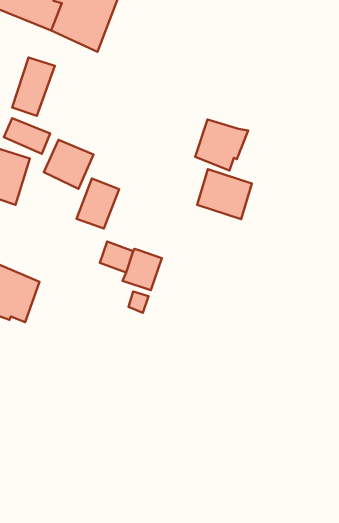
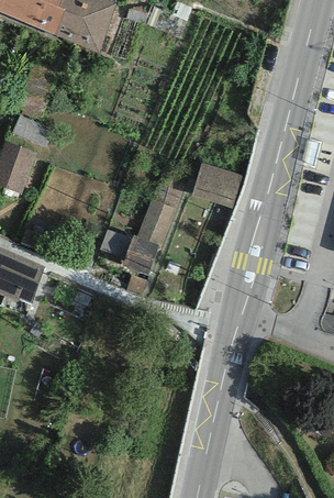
building: [195,119,248,171] -> none
building: [44,140,94,189] -> none
building: [76,178,119,228] -> [136,199,176,245]

